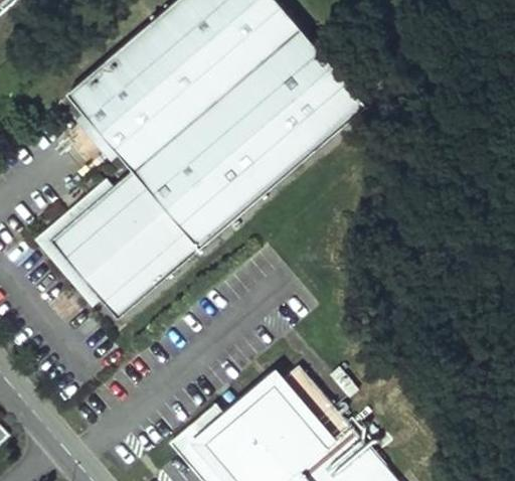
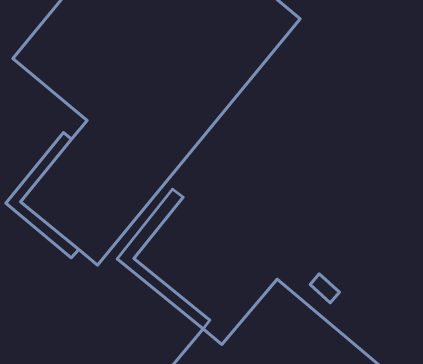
building: none -> [117,189,210,329]

